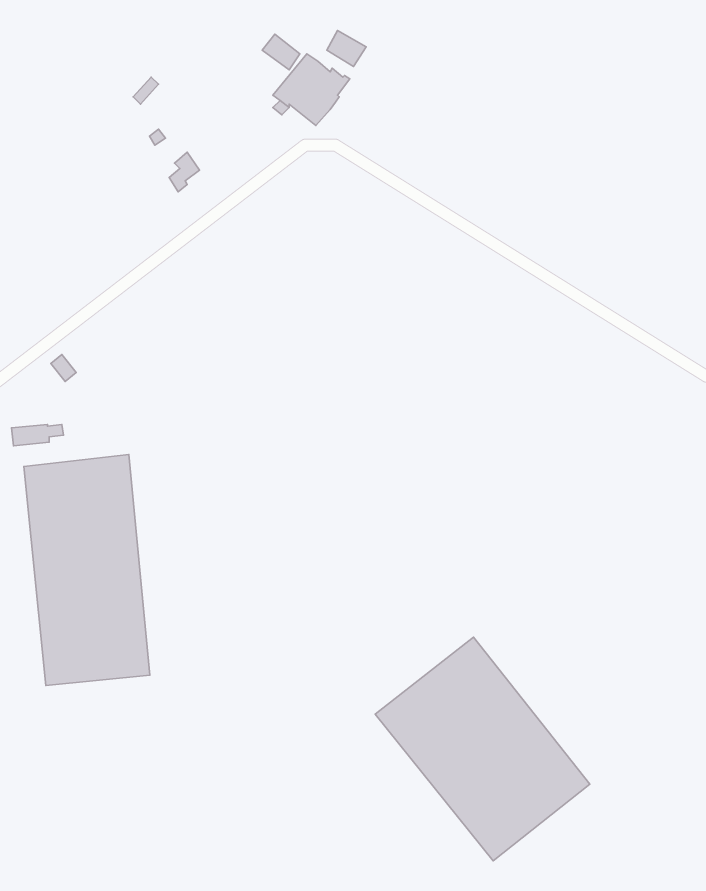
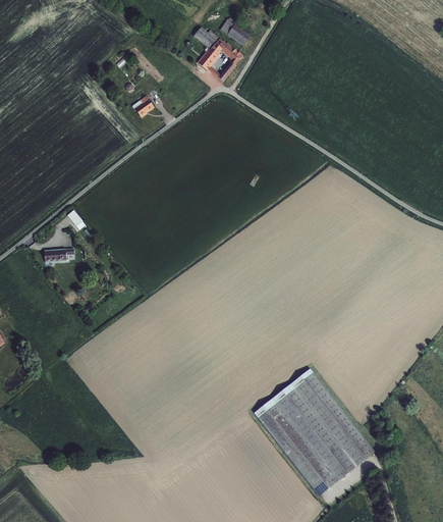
building: [24,455,150,685] -> none

